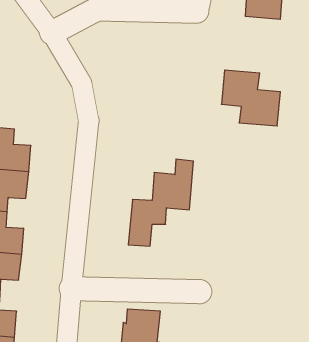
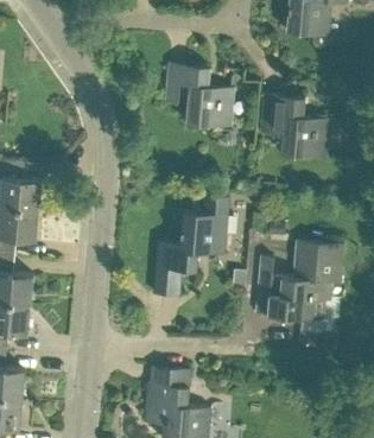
building: none -> [165,63,232,126]
building: none -> [255,239,343,318]

